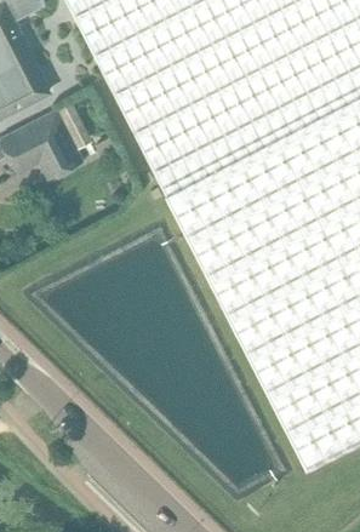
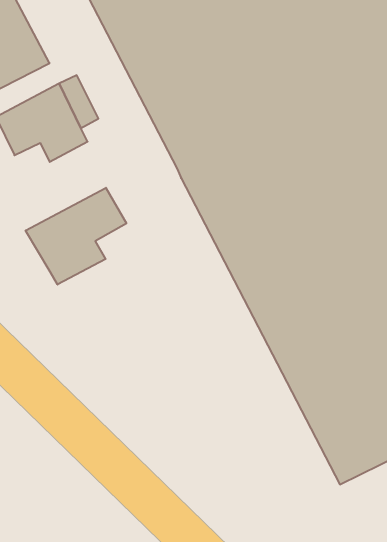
building: none -> [26,188,126,285]

